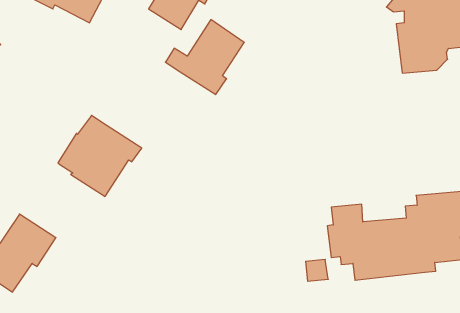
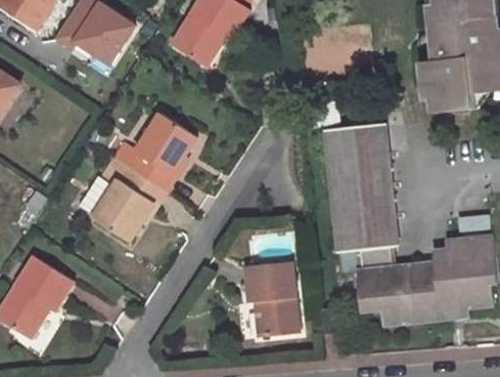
building: [165,20,244,95] -> [111,112,193,190]
building: none -> [323,124,401,253]
building: none -> [245,264,300,340]

